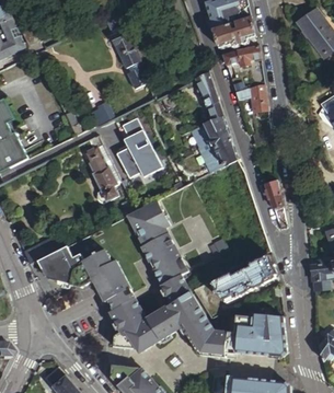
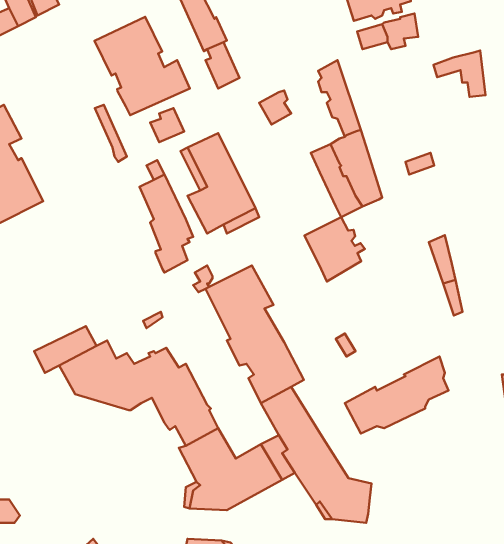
building: none -> [95,17,190,115]
building: [233,84,265,113] -> [434,50,485,97]
building: none -> [305,217,365,281]
building: [228,314,287,358] -> none

